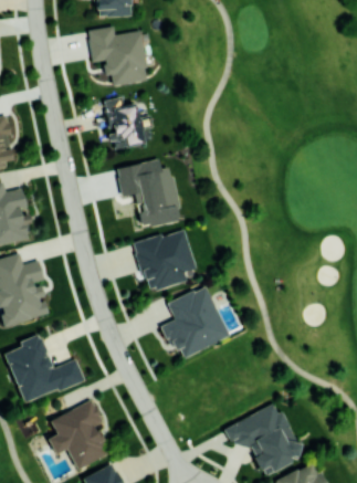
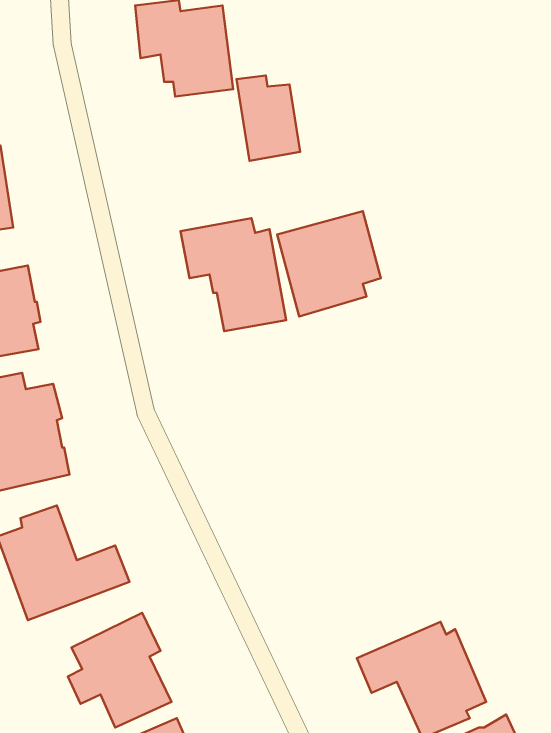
building: [105,98,144,150] -> [237,76,300,161]
building: [134,229,197,293] -> [277,211,381,316]
building: [162,285,230,360] -> none

